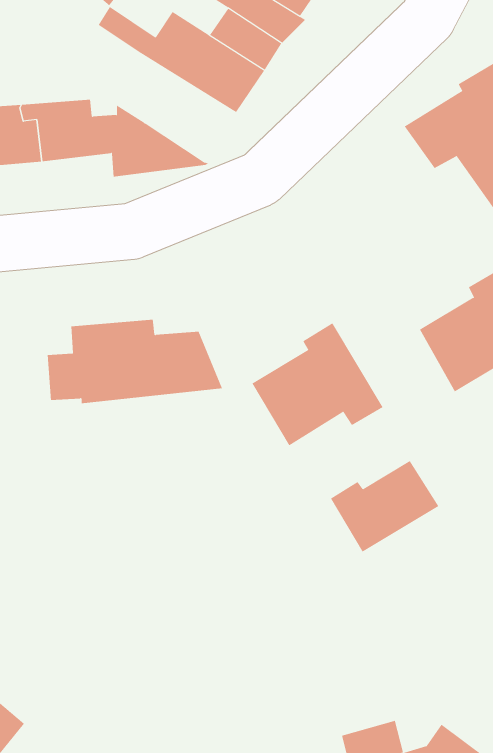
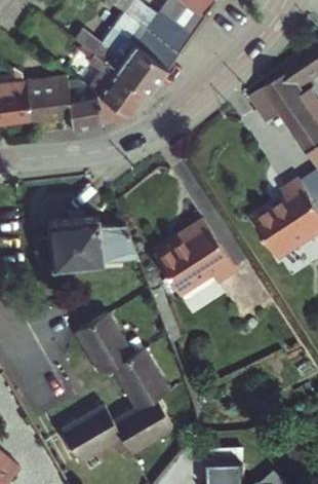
building: none -> [80,52,147,119]
building: [330,460,439,552] -> none
building: none -> [63,312,173,460]

